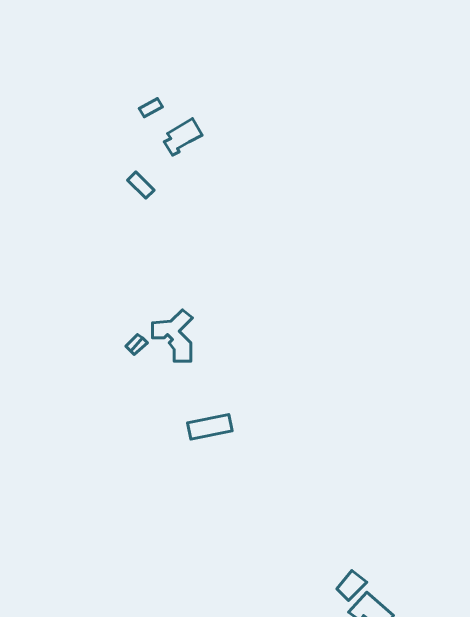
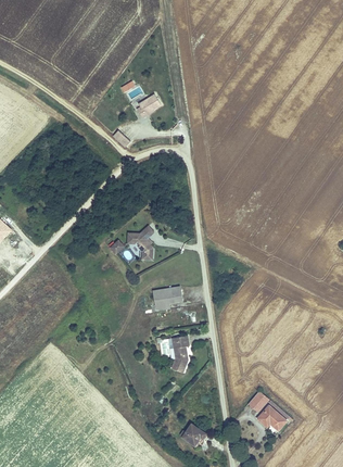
building: none -> [172,332,189,370]

